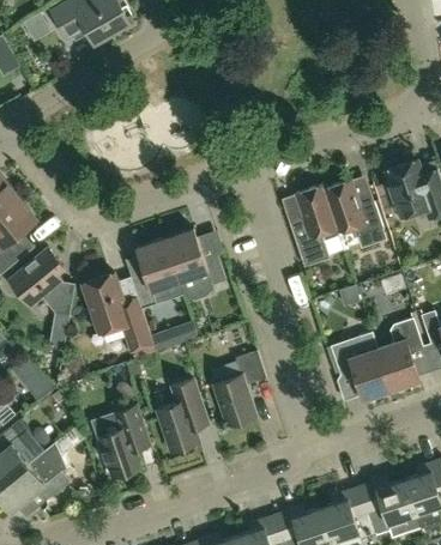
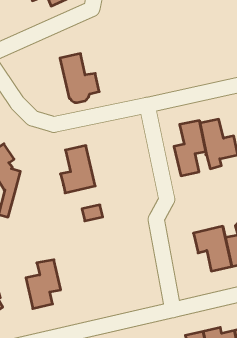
building: [164,228,225,298] -> [60,54,99,103]
building: [81,272,153,352] -> none
building: [213,350,266,425] -> none
building: [157,379,207,452] -> none

